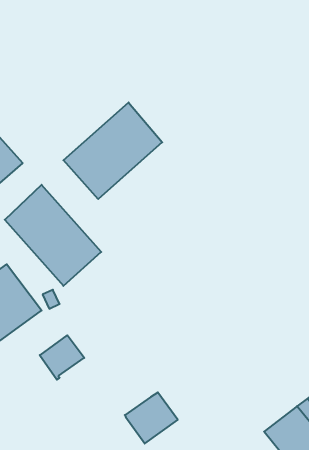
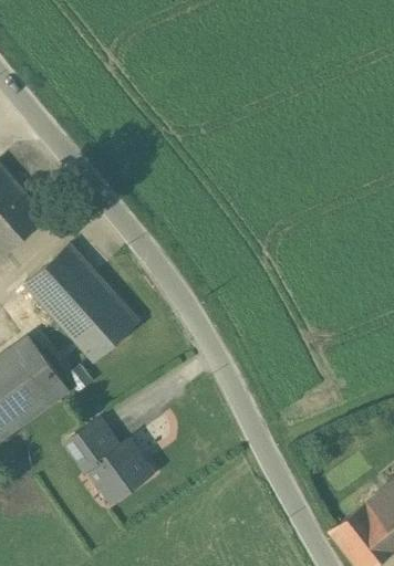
building: [63,102,162,199] -> none
building: [125,392,178,444] -> [89,440,151,500]

